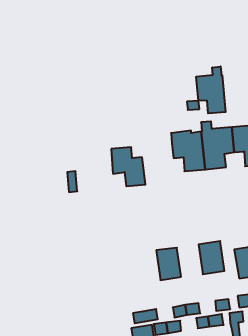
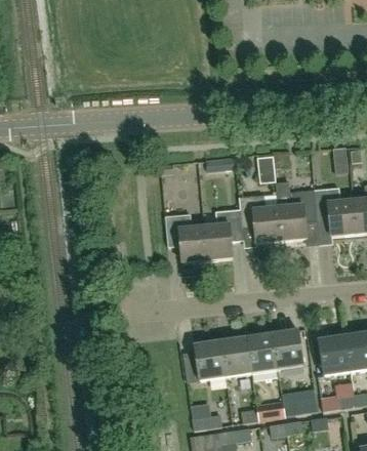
building: [196,66,226,113] -> none
building: none -> [203,208,243,259]
building: none -> [246,333,278,373]
building: none -> [194,340,226,381]

